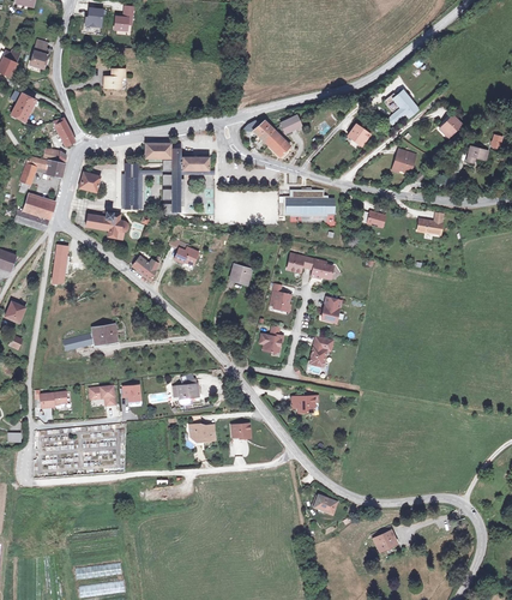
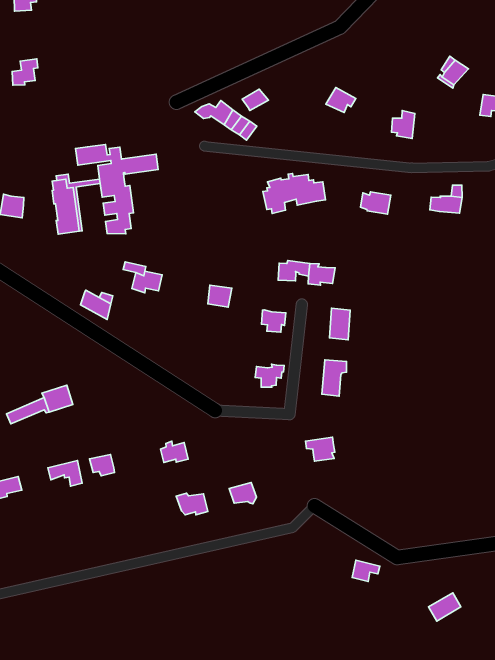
building: [383,89,418,124] -> none
building: [84,210,126,238] -> none

